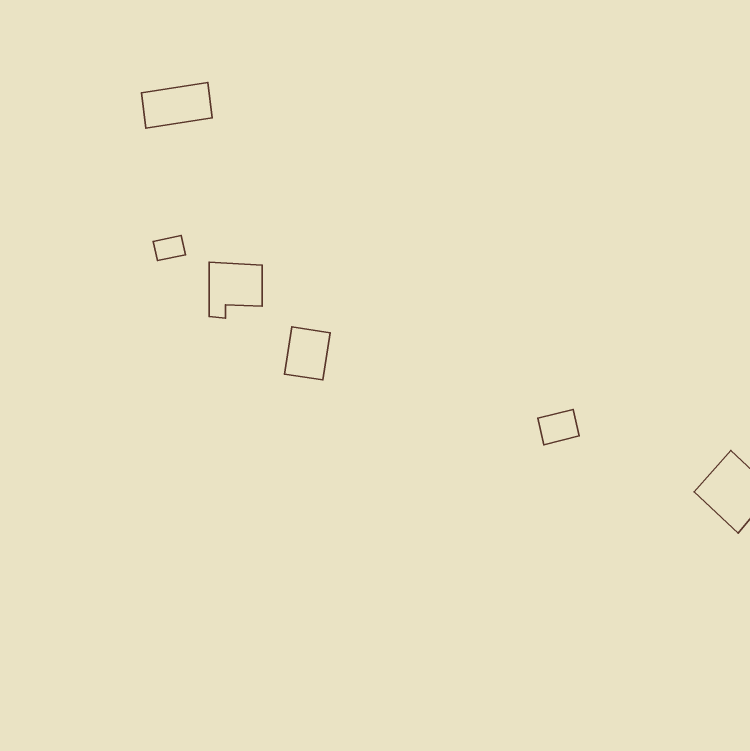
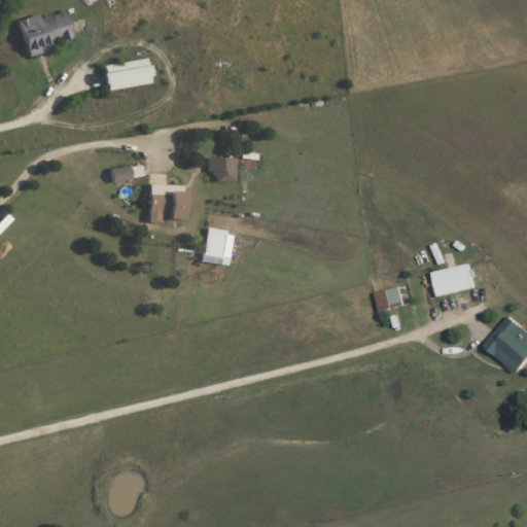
building: none -> [17,11,71,57]
building: none -> [208,156,236,180]
building: none -> [435,265,476,294]

